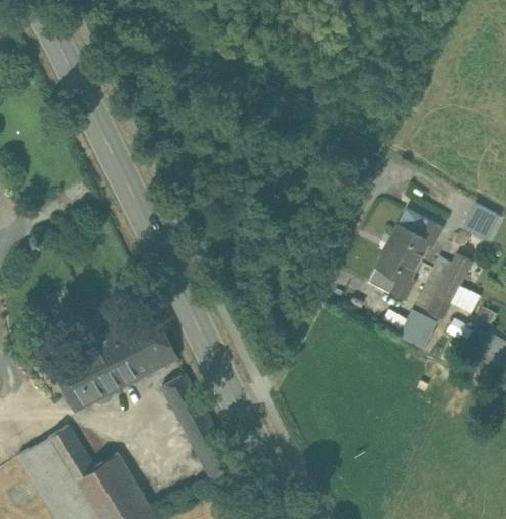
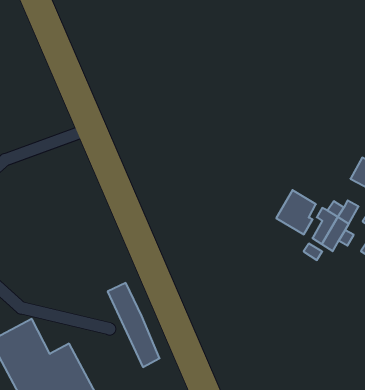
building: [387,212,442,264] -> none
building: [53,312,176,410] -> none

